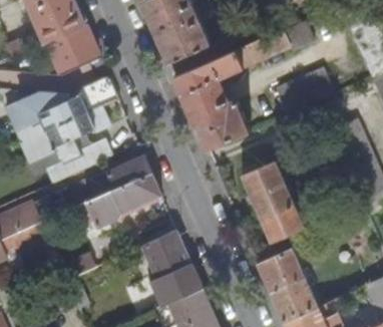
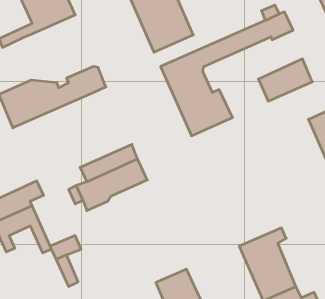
building: [44,23,98,70] -> none
building: [21,106,111,183] -> none
building: [242,161,304,244] -> none
building: [142,230,202,306] -> none

